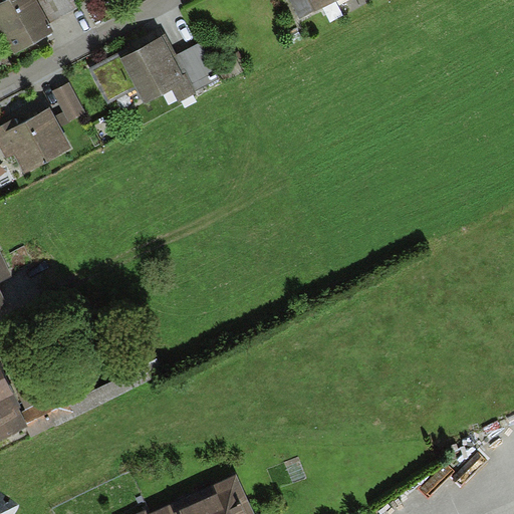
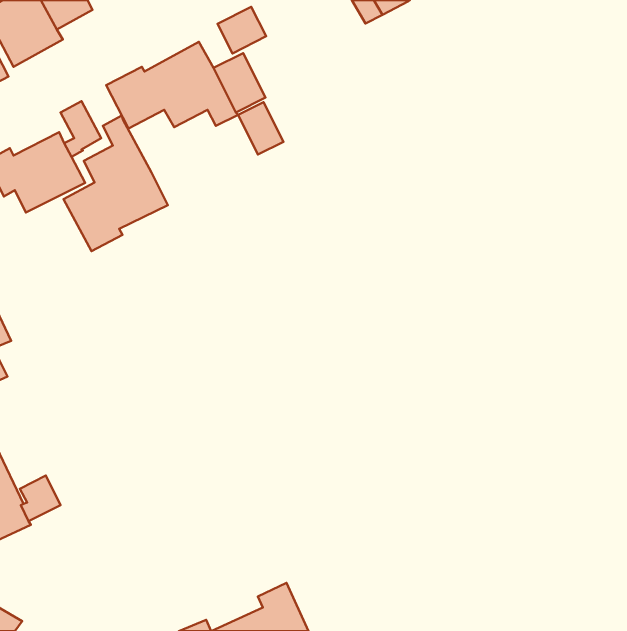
building: none -> [217,7,266,53]
building: none -> [238,102,283,154]
building: none -> [64,115,168,251]

